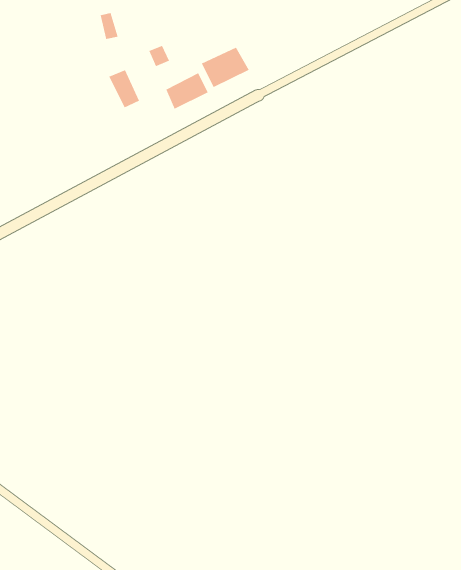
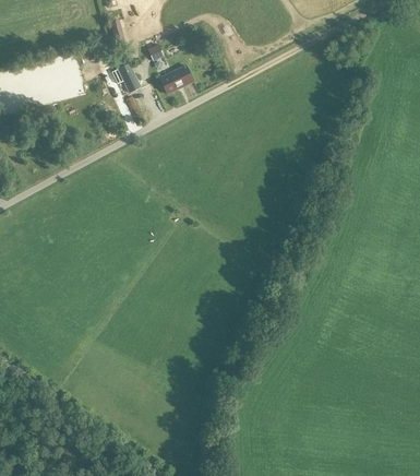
building: [201,47,249,88] -> none

